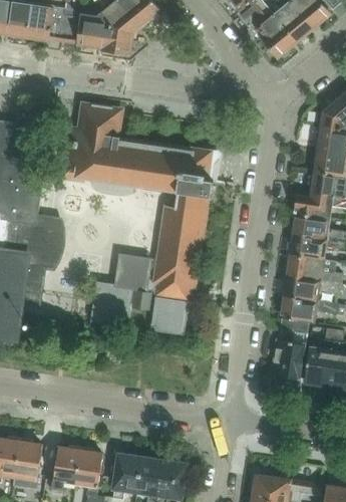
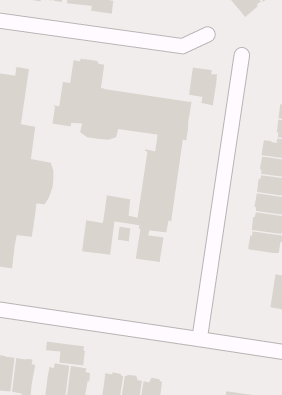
building: none -> [188,67,218,106]
building: [272,318,308,383] -> none
building: none -> [45,341,86,366]

